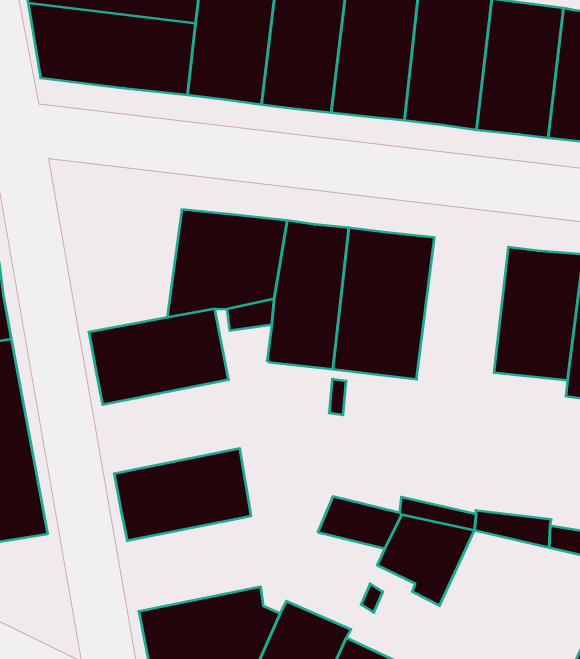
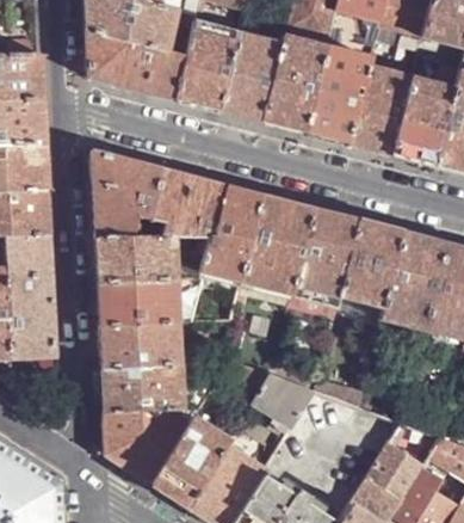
building: none -> [93,152,163,238]
building: none -> [292,209,359,306]
building: none -> [99,278,179,326]
building: none -> [103,363,182,412]

